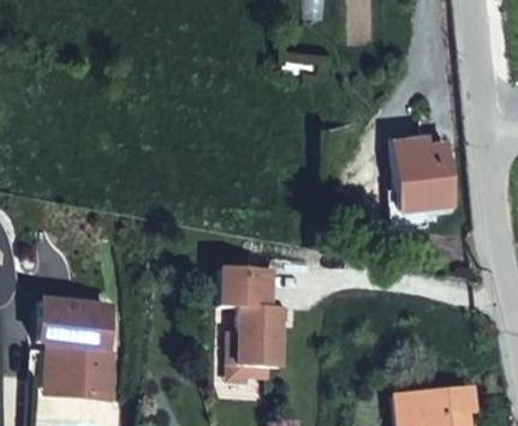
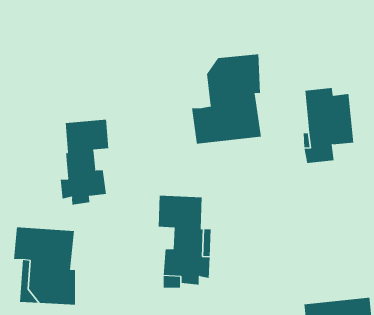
building: none -> [191,53,262,145]
building: none -> [60,119,109,206]

